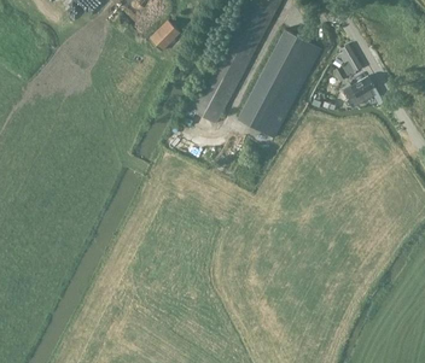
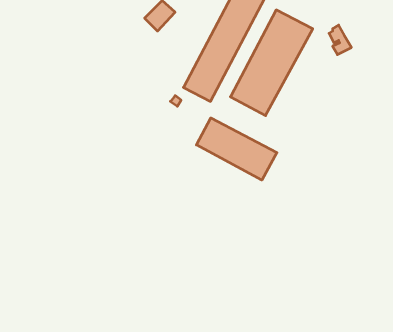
building: [342,76,374,107] -> none
building: none -> [196,118,277,180]

